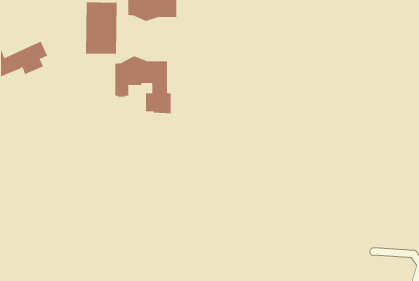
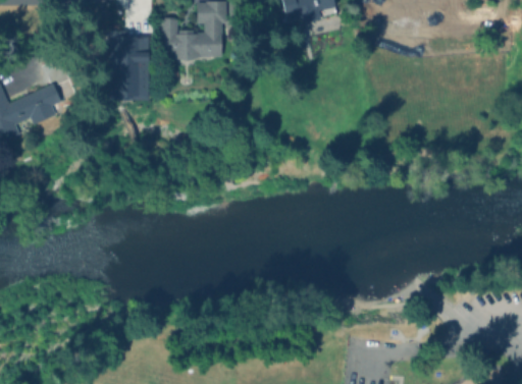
building: [115,56,171,114] -> none

